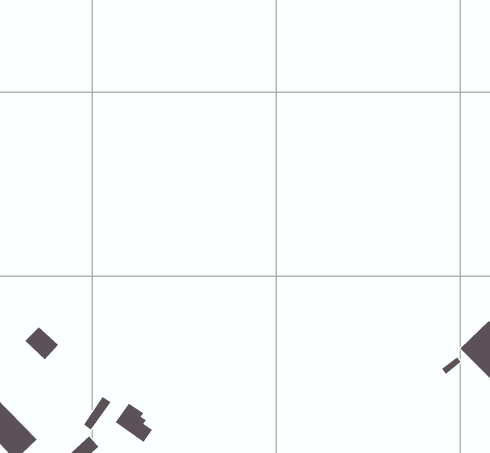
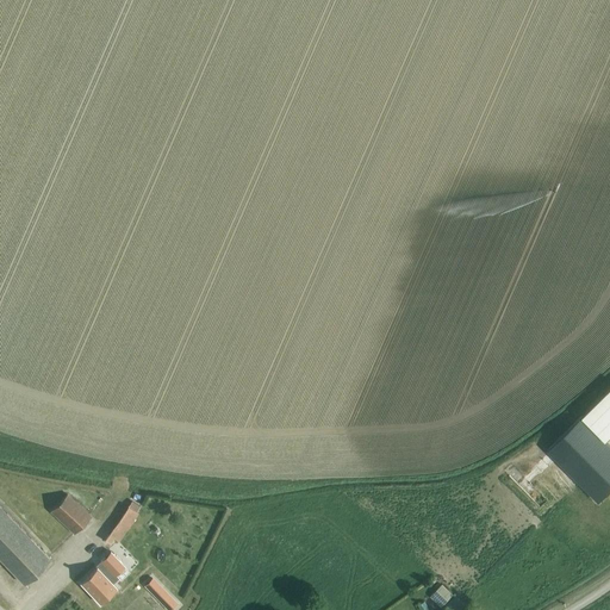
building: [25,327,59,360] -> [50,496,91,535]
building: [115,403,153,443] -> none

